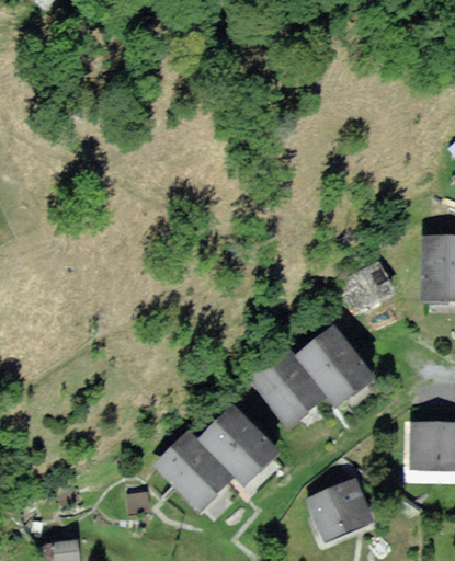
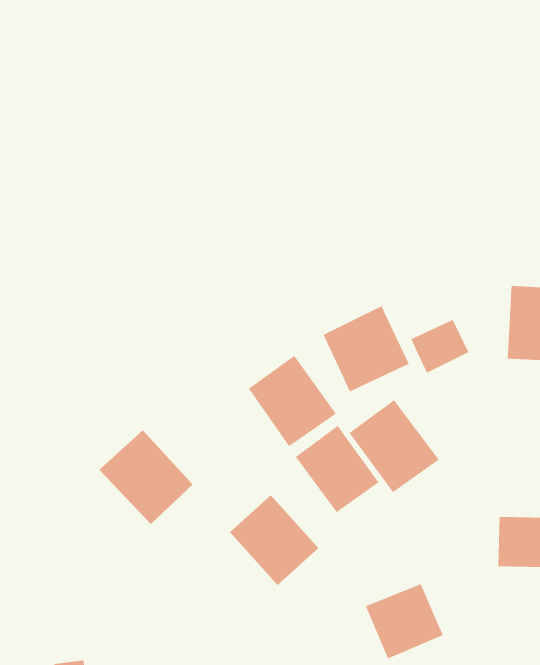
building: none -> [323,305,410,393]
building: none -> [248,355,337,447]
building: [150,432,228,510] -> [98,429,194,525]

